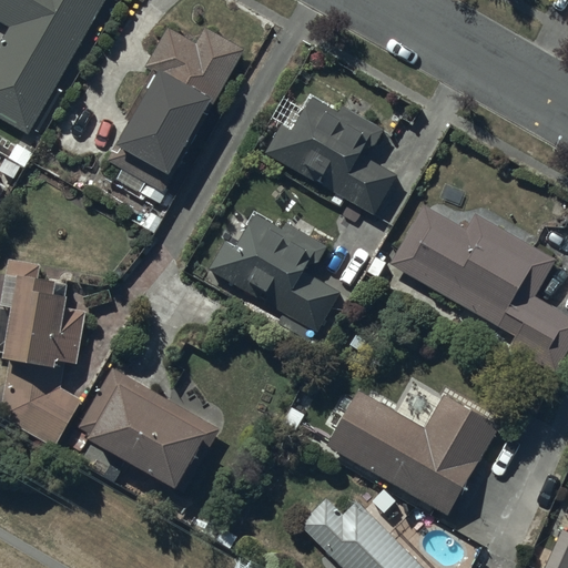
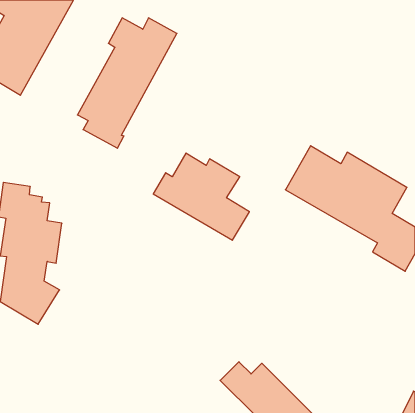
building: [266,97,395,213] -> none
building: [75,366,219,491] -> none
building: [324,385,498,514] -> none

